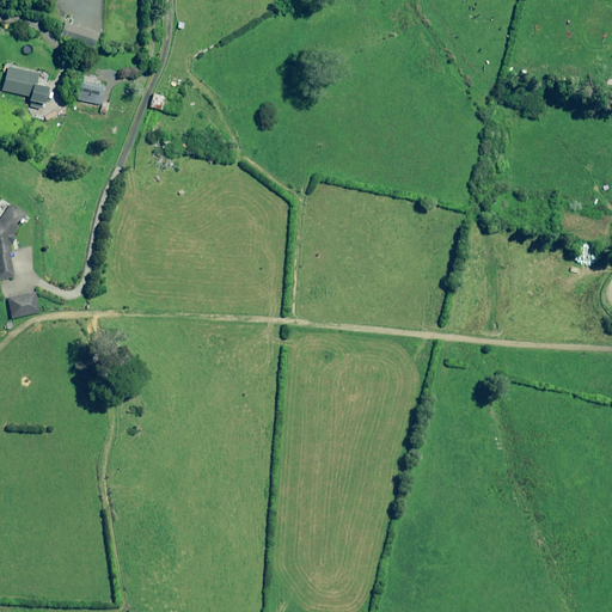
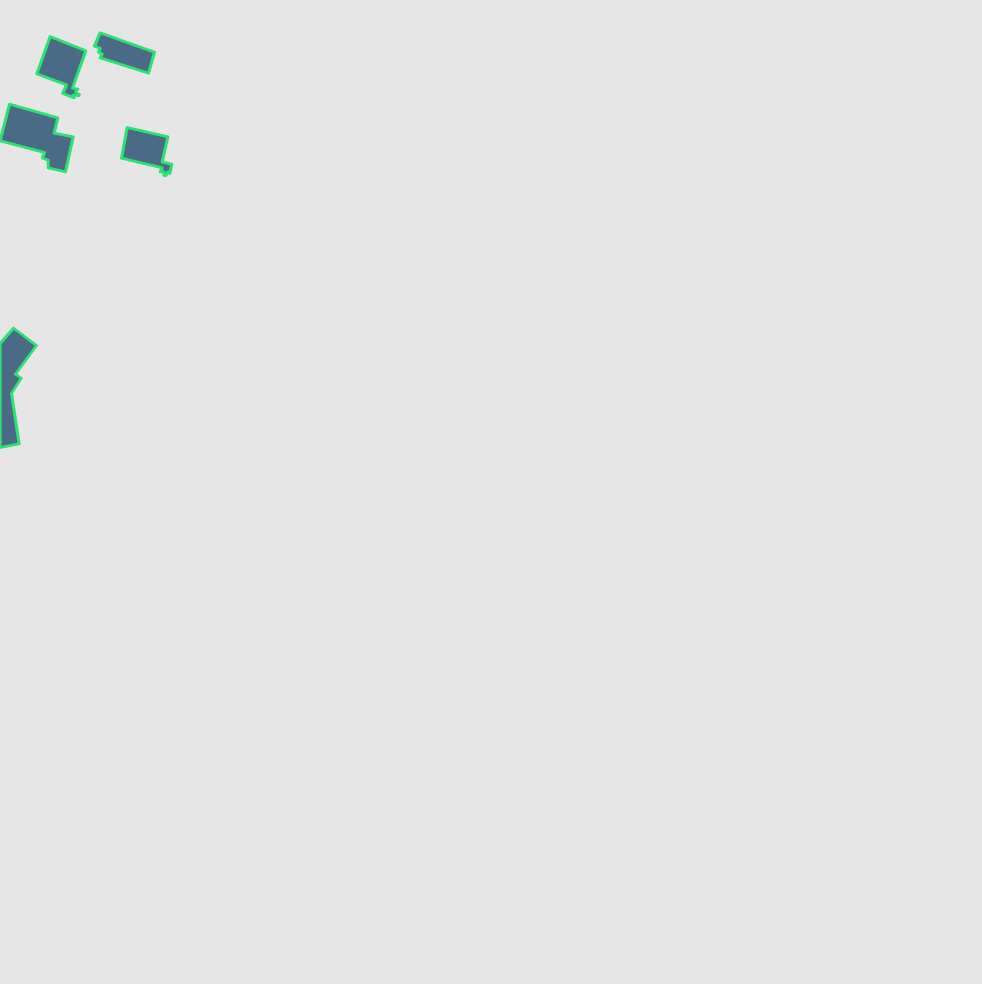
building: none -> [37,36,86,98]
building: [7,290,39,316] -> none

